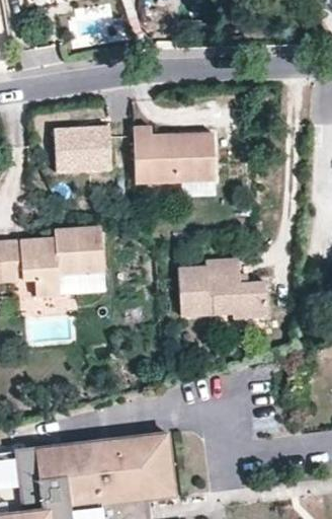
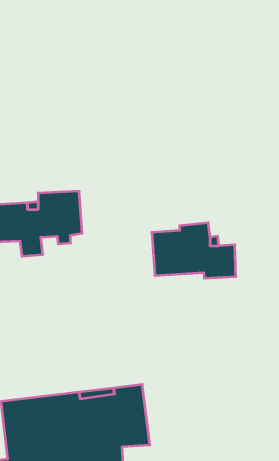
building: [134,125,214,182] -> none
building: [56,126,112,170] -> none

